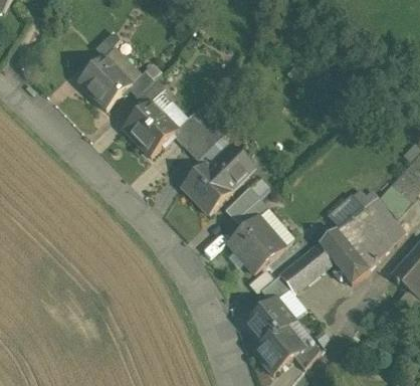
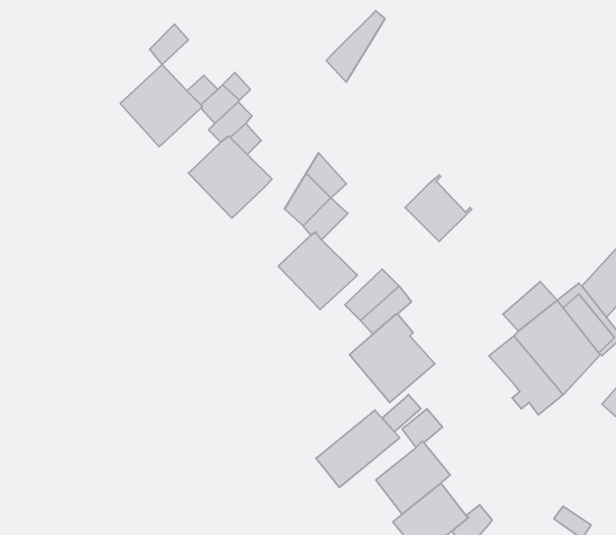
building: [173,102,211,148] -> [326,11,385,82]
building: [210,147,253,190] -> [405,175,472,242]
building: [280,243,335,294] -> [316,410,400,487]

